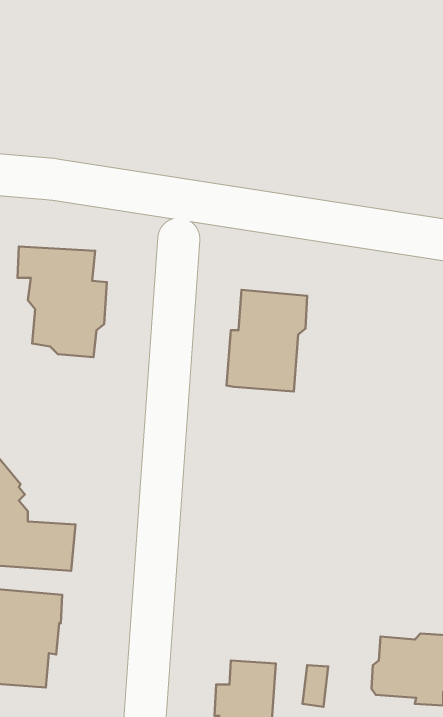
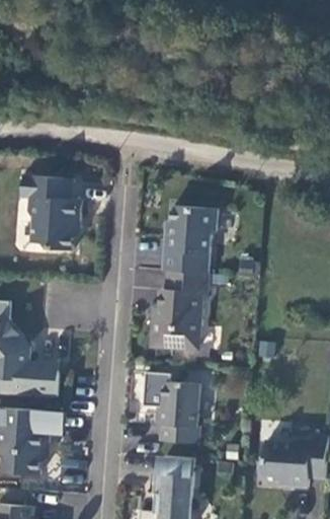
building: none -> [152,271,208,348]
building: none -> [156,381,199,443]

